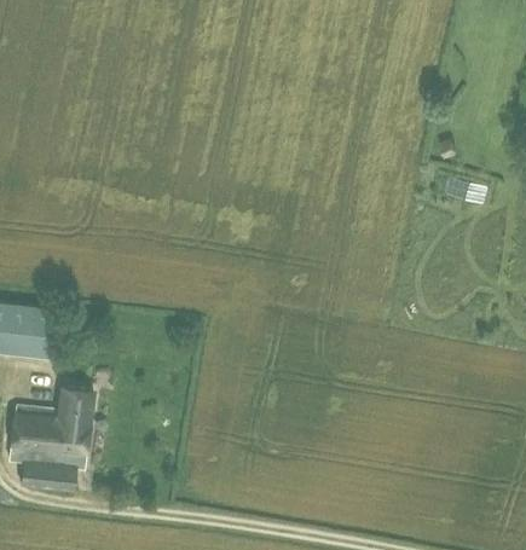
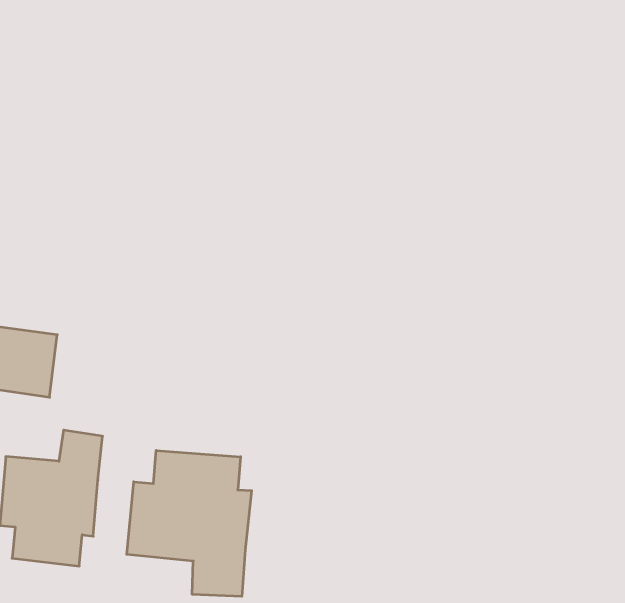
building: none -> [127,450,252,596]

